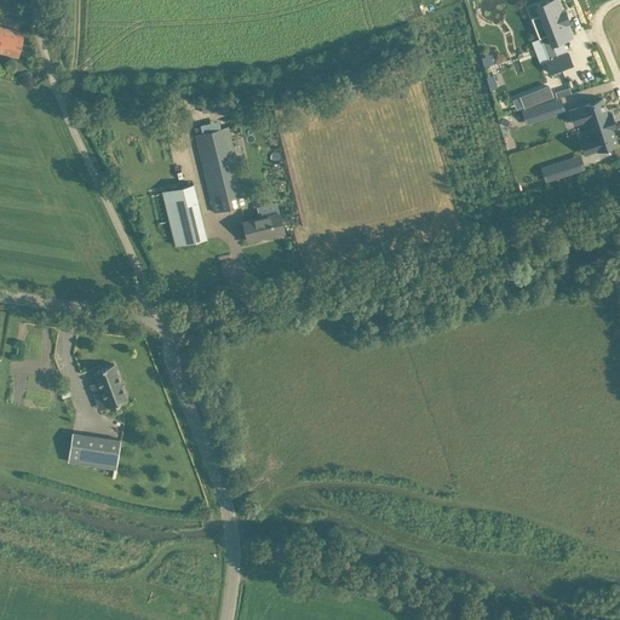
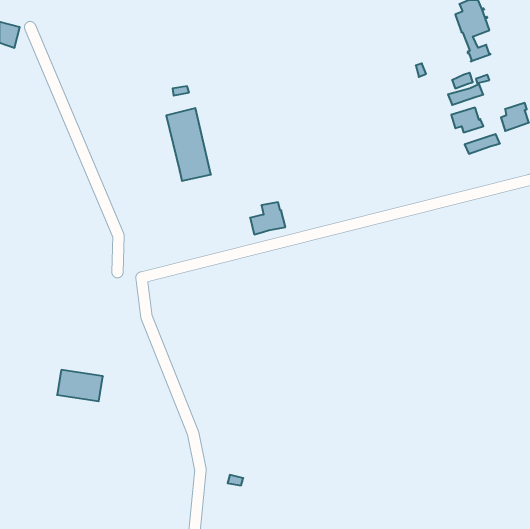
building: [574,101,612,130] -> [451,108,483,132]
building: [161,185,206,247] -> none
building: [242,205,283,242] -> [250,202,285,234]
building: [93,366,126,408] -> none

